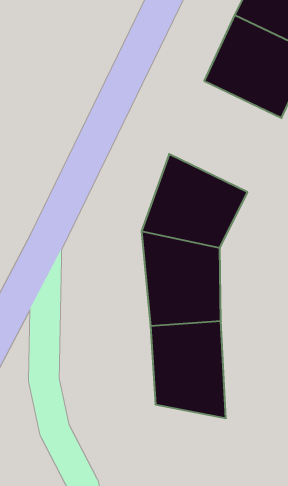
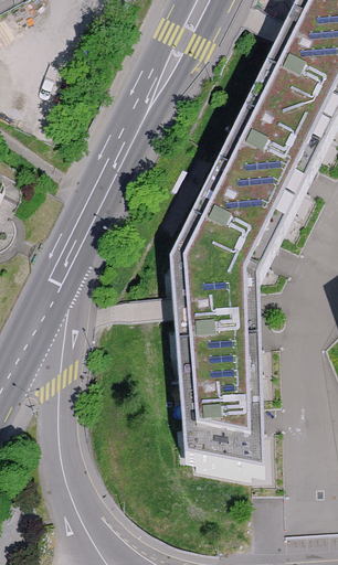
building: none -> [200,93,327,218]

